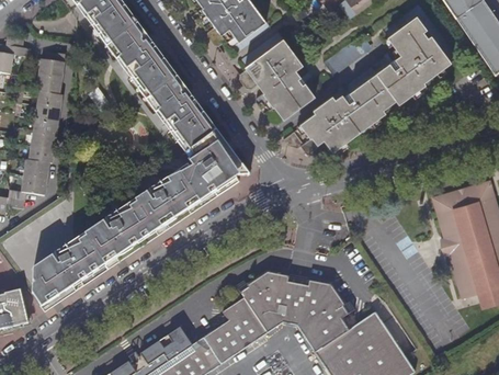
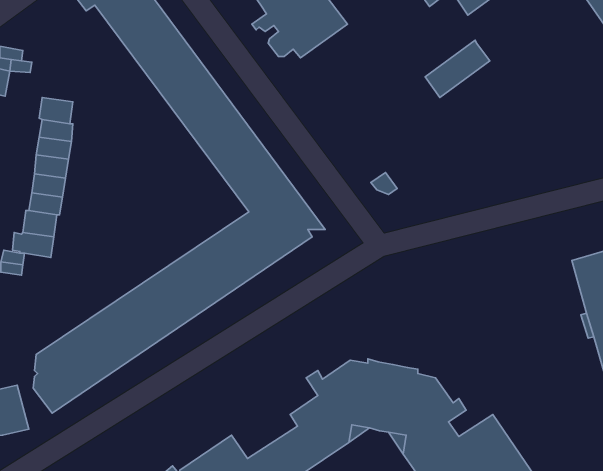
building: [298,15,452,150] -> none
building: [239,37,316,117] -> none
building: [38,53,65,79] -> none

